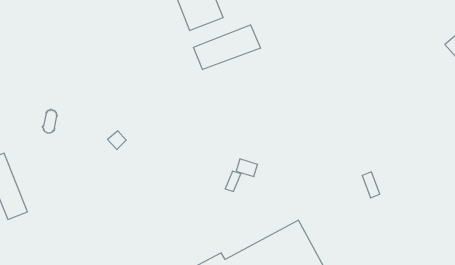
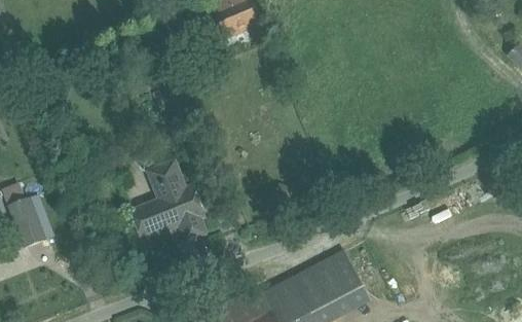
building: [193,25,260,70] -> none
building: none -> [132,159,207,239]

